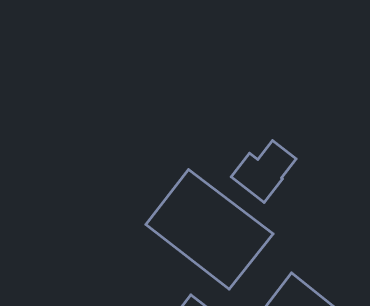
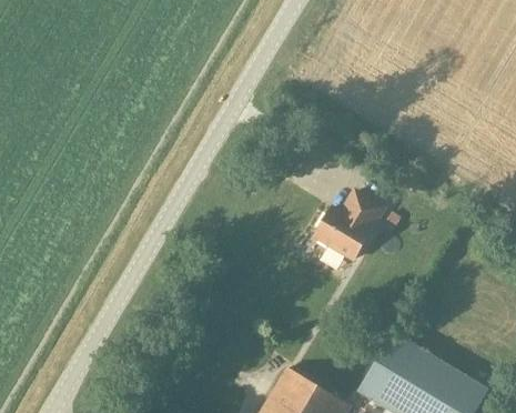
building: [146,169,273,289] -> none

